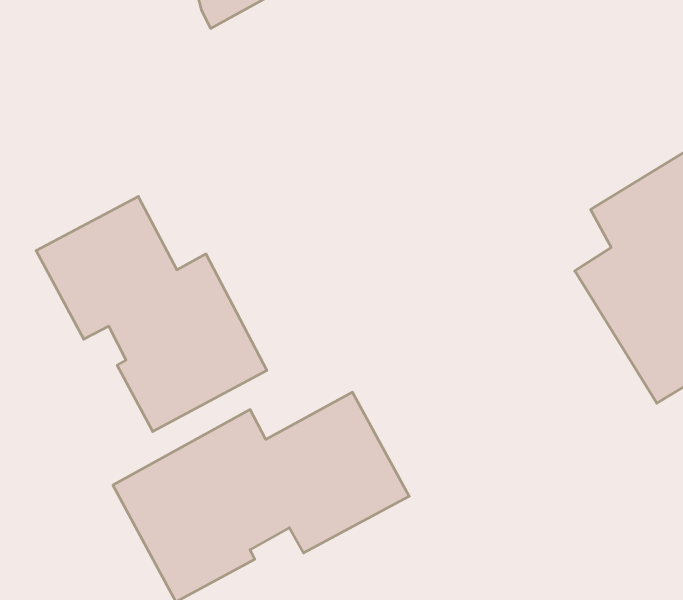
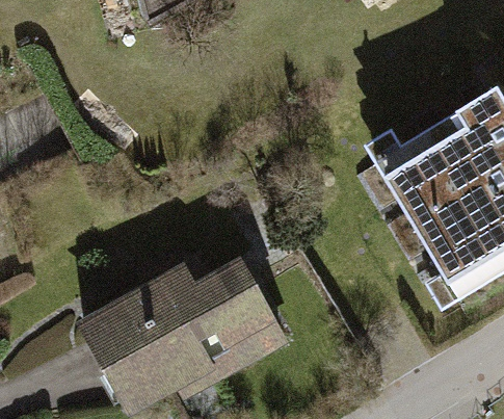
building: [36,196,267,432] -> none

